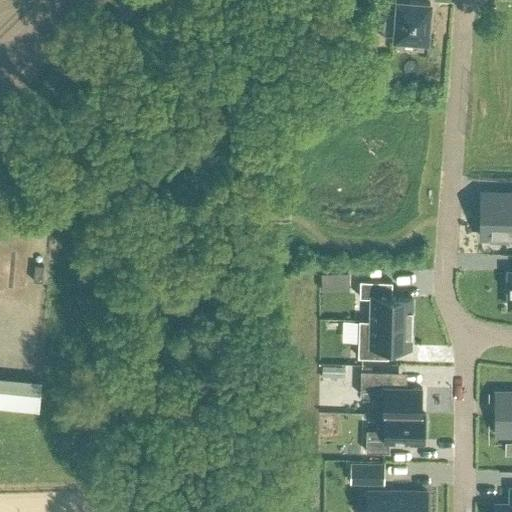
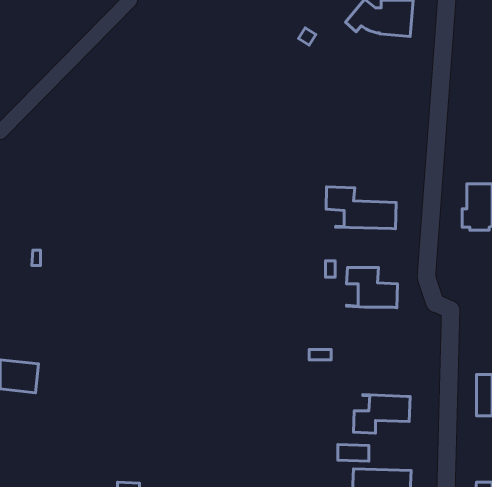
building: none -> [326,187,396,229]
building: [359,323,412,361] -> none
building: [361,372,426,417] -> none

